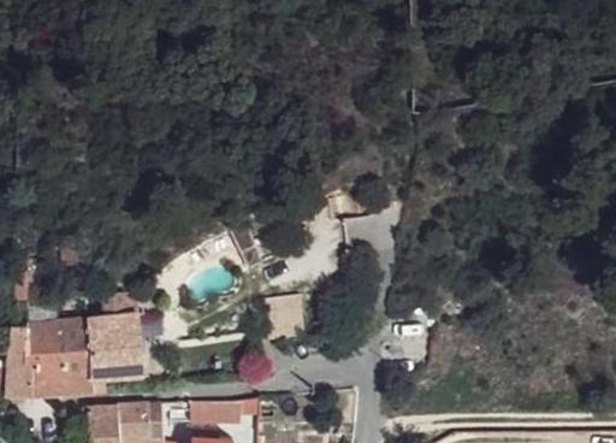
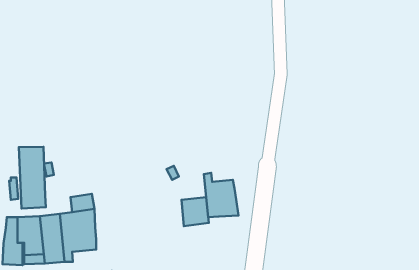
building: none -> [19,147,46,209]
building: none -> [204,173,239,217]

